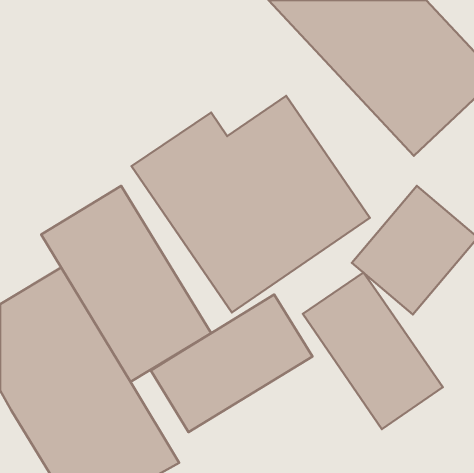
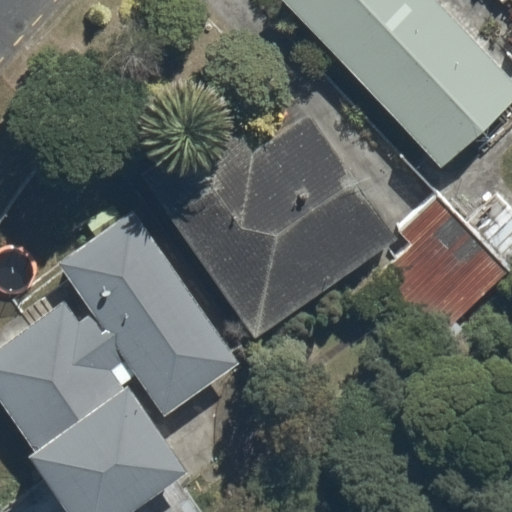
building: [303,272,443,429] -> none
building: [151,294,312,432] -> none

